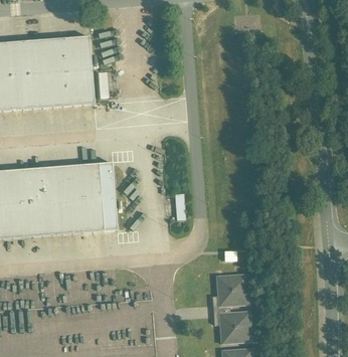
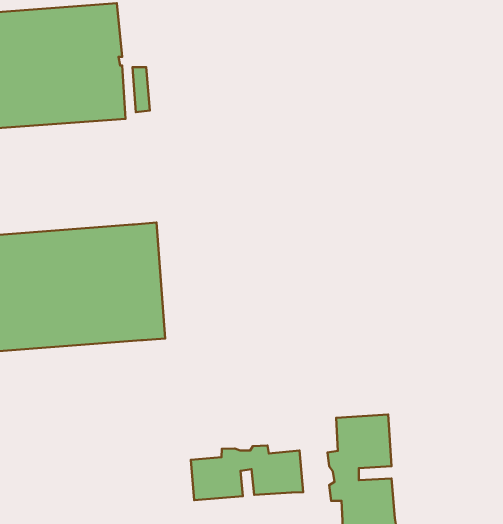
building: none -> [191,445,303,500]

